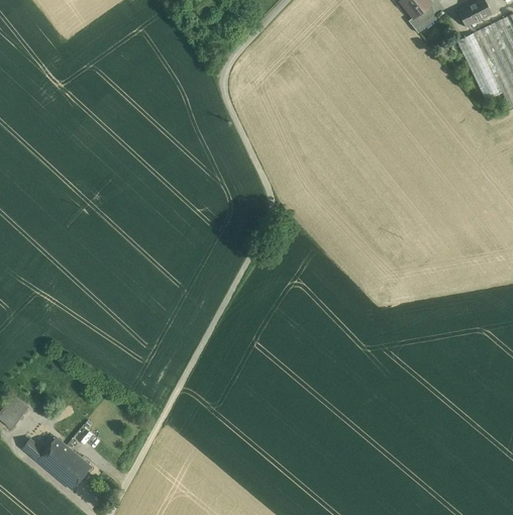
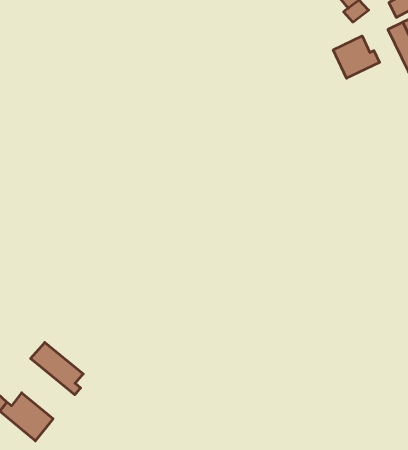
building: none -> [333,36,380,78]
building: none -> [31,342,83,395]

